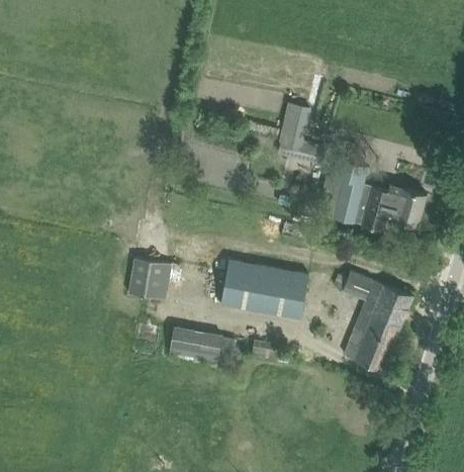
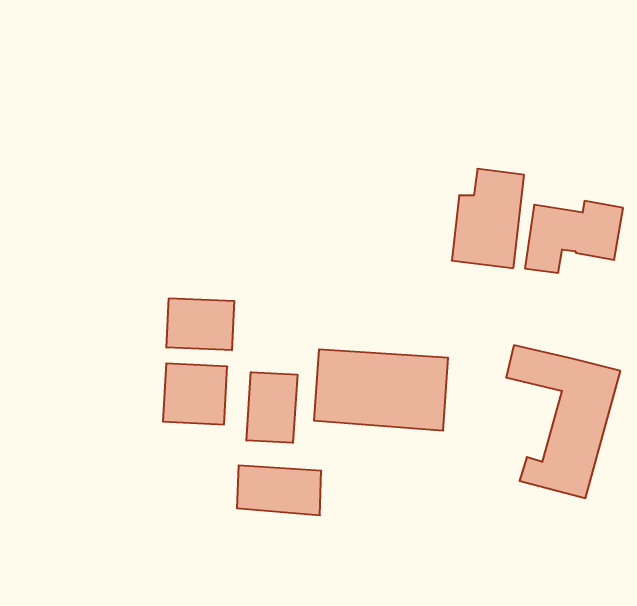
building: [278,103,323,166] -> none
building: none -> [167,298,234,350]
building: none -> [246,372,297,443]

